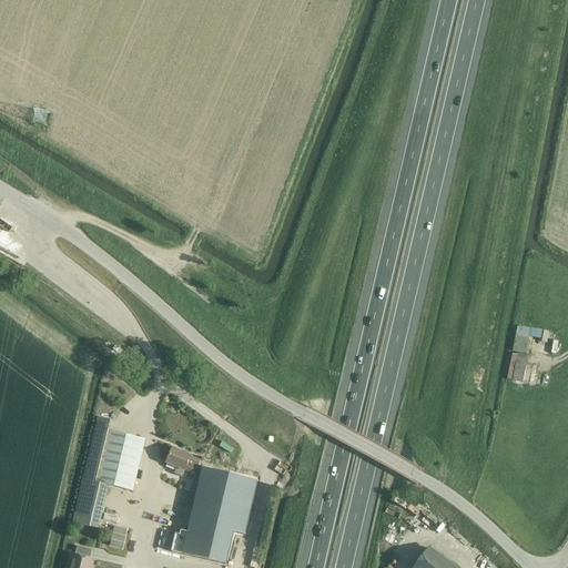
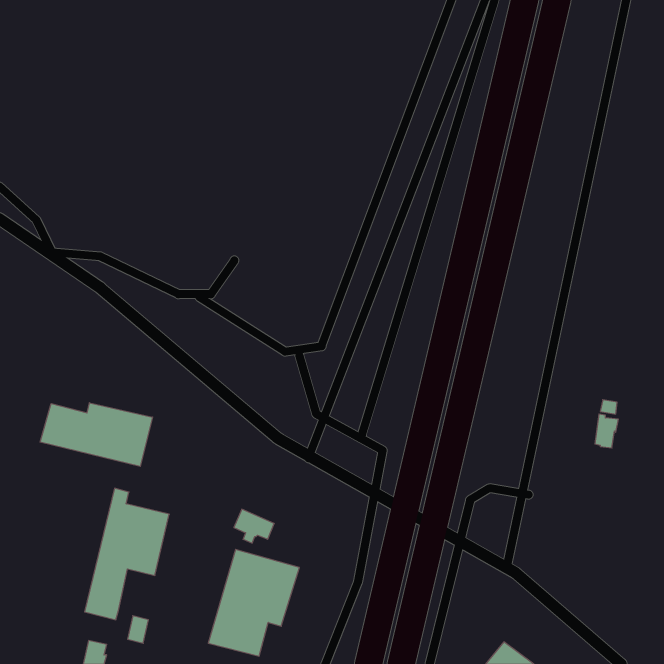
building: none -> [40,403,153,466]
building: [165,447,200,476] -> [234,509,274,543]

